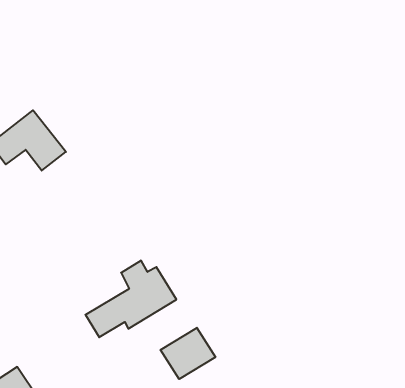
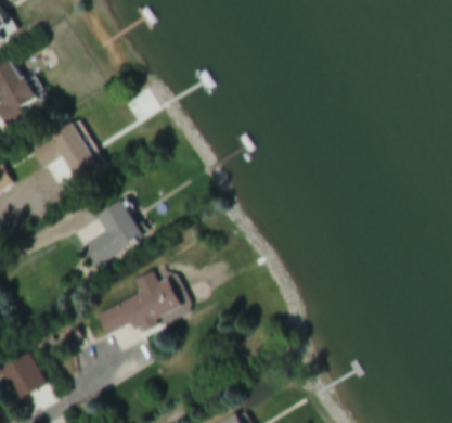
building: none -> [82,198,145,266]
building: [161,328,215,379] -> none

